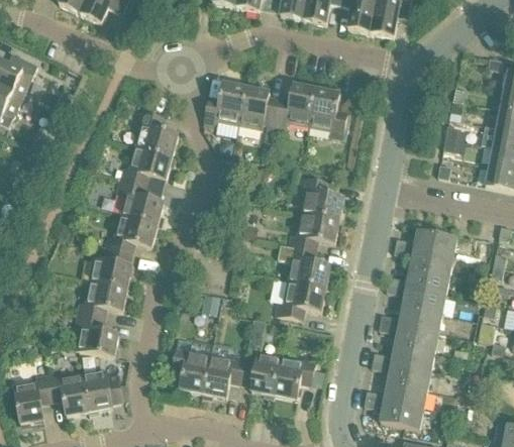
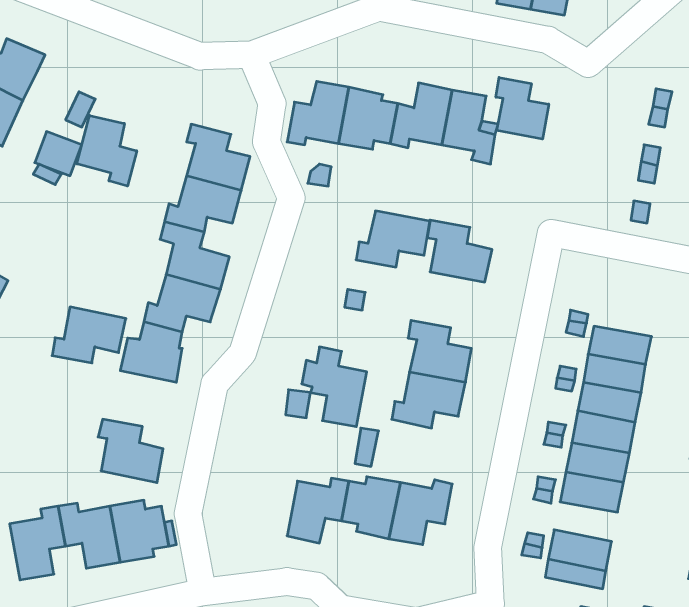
building: none -> [496,77,549,139]
building: none -> [77,115,137,186]
building: [289,212,339,250] -> [356,211,430,267]
building: [414,229,457,256] -> none
building: [78,280,128,318] -> [52,307,126,363]
building: [167,338,211,393] -> [302,347,367,427]
building: [387,369,430,397] -> none

